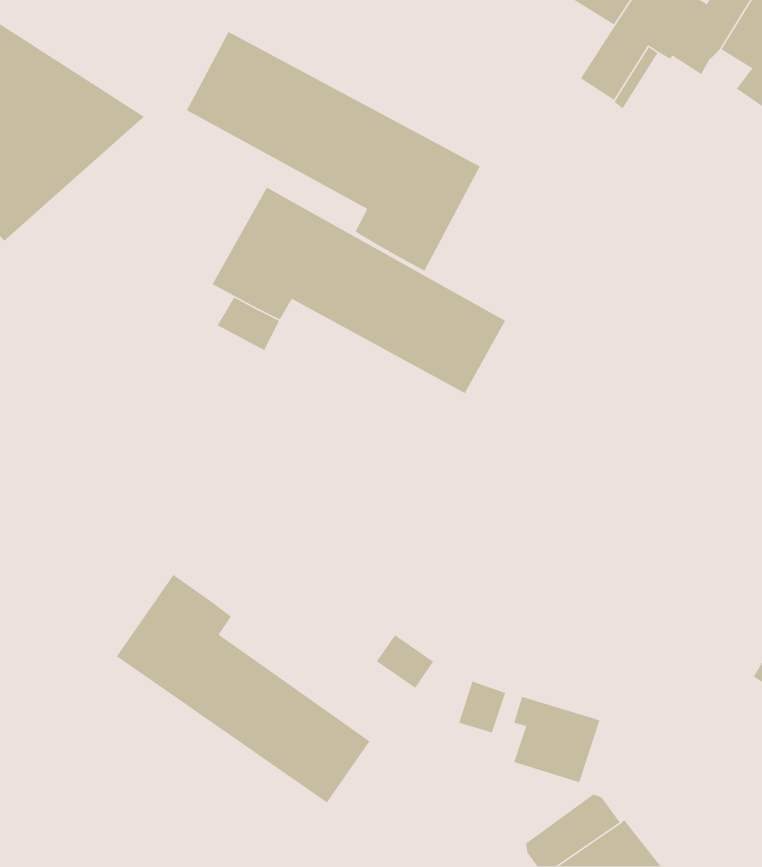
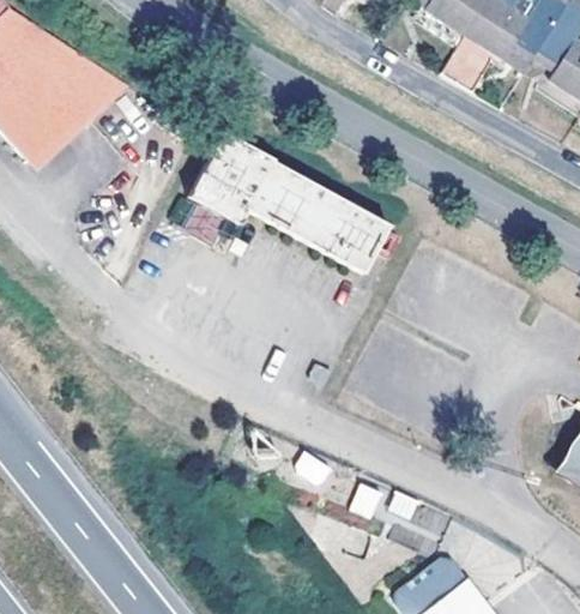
building: [186,31,481,272] -> none
building: [116,574,370,804] -> none

